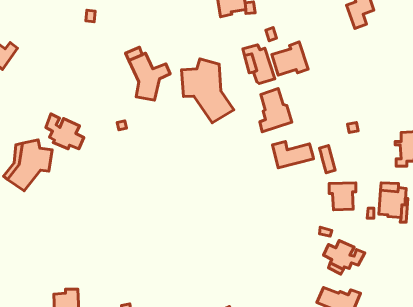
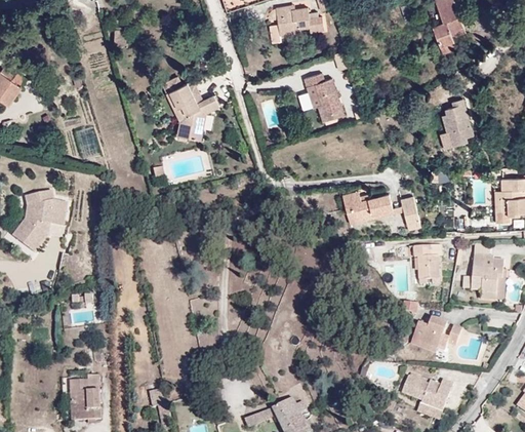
building: [272,42,308,75] -> none
building: [181,59,234,123] -> none
building: none -> [434,97,472,148]
building: [260,89,292,132] -> none
building: [46,114,84,149] -> none

